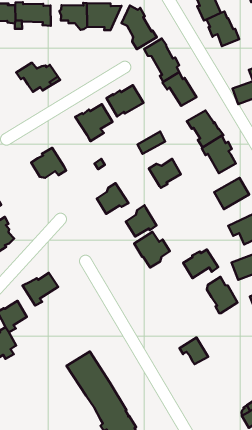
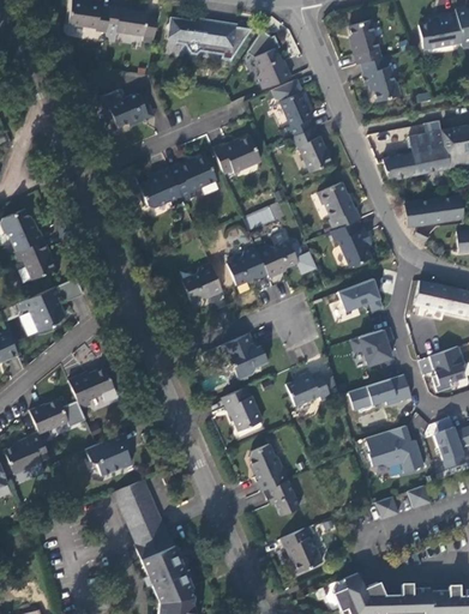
building: [31,148,66,178] -> [139,168,184,206]
building: [126,205,156,237] -> [228,246,267,285]
building: none -> [223,387,263,432]
building: [207,277,238,313] -> [249,444,288,492]
building: none -> [85,433,132,476]
building: none -> [279,529,323,572]

